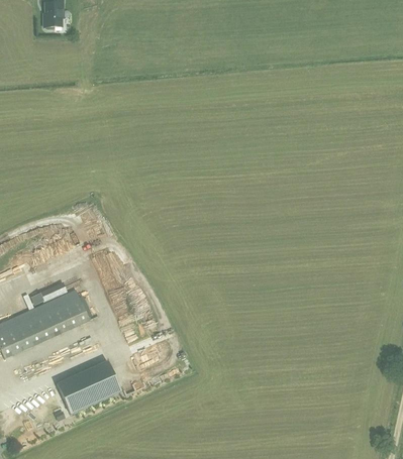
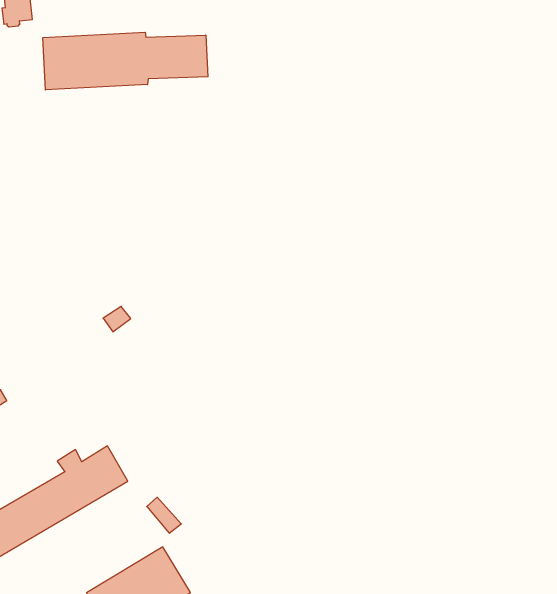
building: none -> [43,32,208,90]

